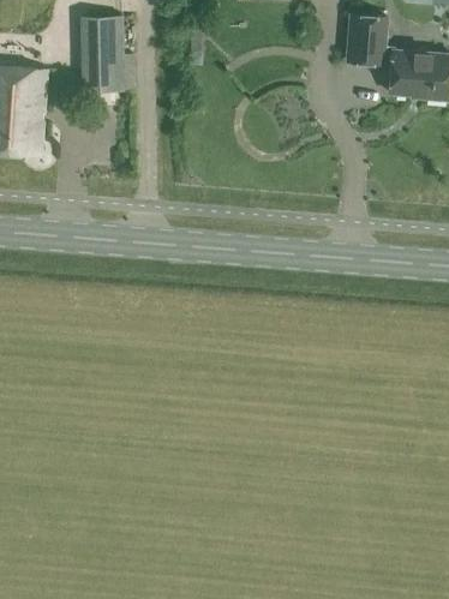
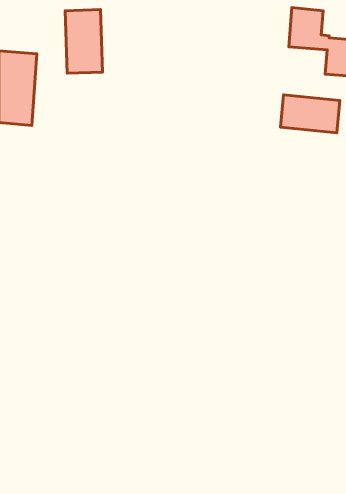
building: none -> [280,95,340,133]

